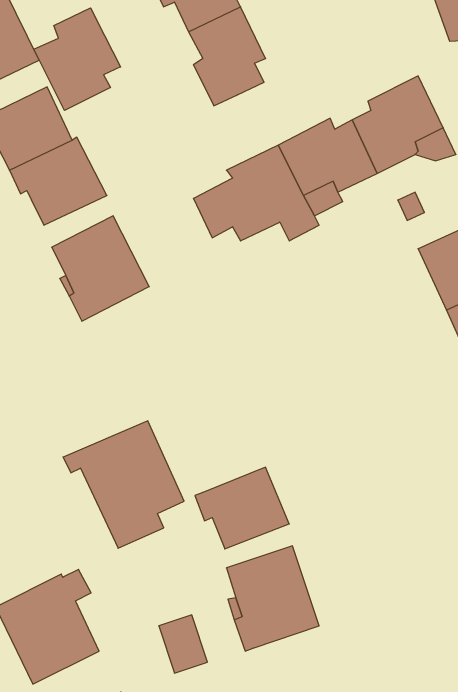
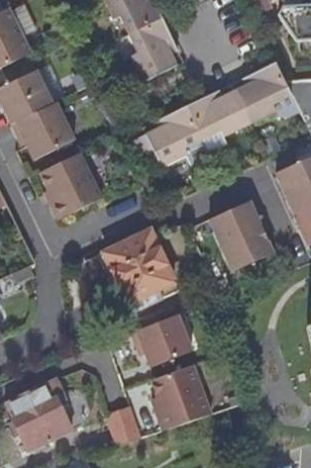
building: [34,8,121,110] -> none
building: none -> [208,199,273,269]
building: [63,421,184,548] -> [97,228,175,310]

